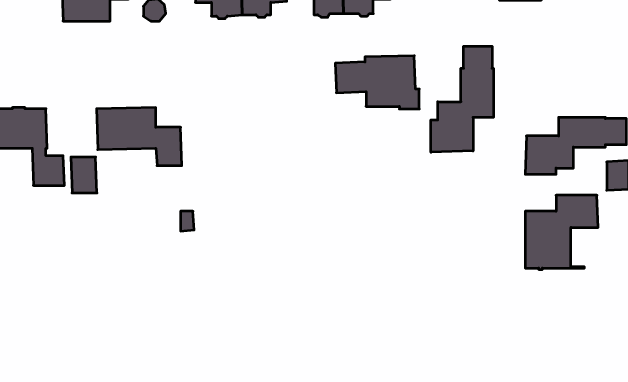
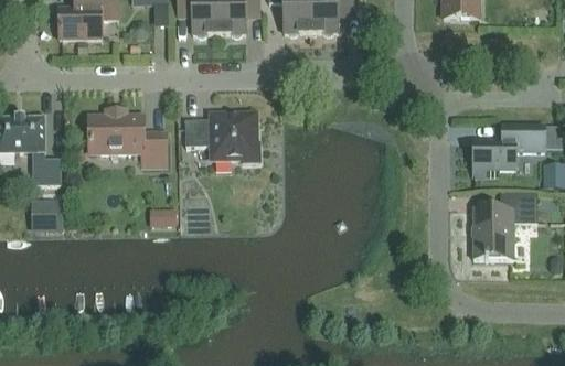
building: [431,46,493,152] -> none
building: [335,56,419,109] -> [183,114,258,161]
building: [71,157,97,193] -> [40,200,63,232]

